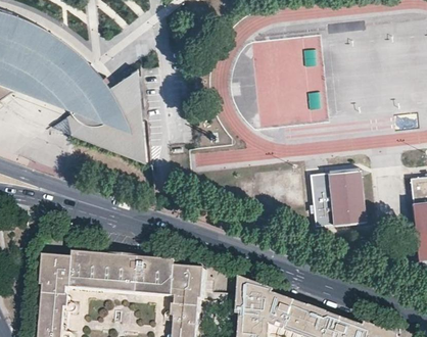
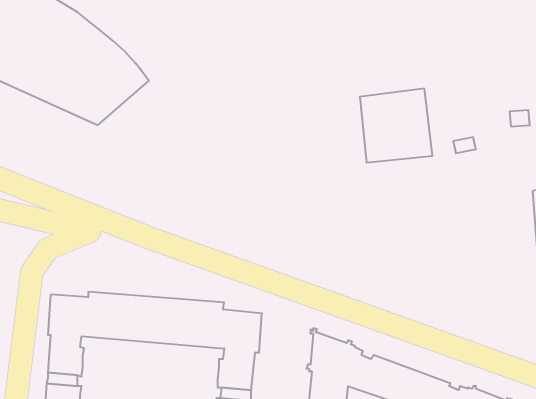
building: [49,67,144,162] -> none
building: [311,170,366,226] -> [360,89,432,163]

